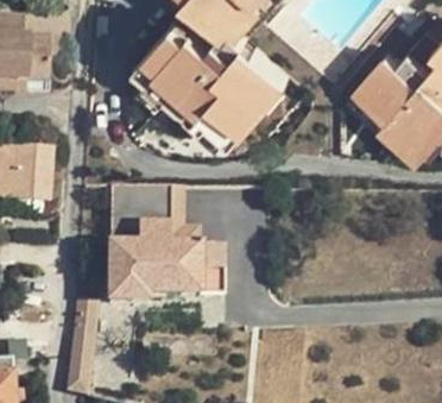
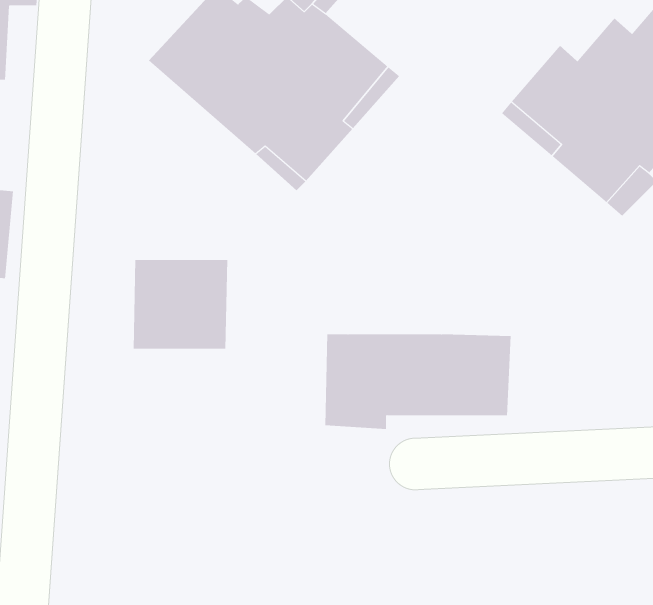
building: [109,245,223,303] -> [324,334,512,429]
building: [71,296,99,391] -> none

